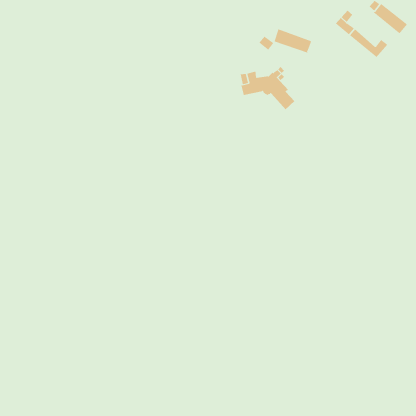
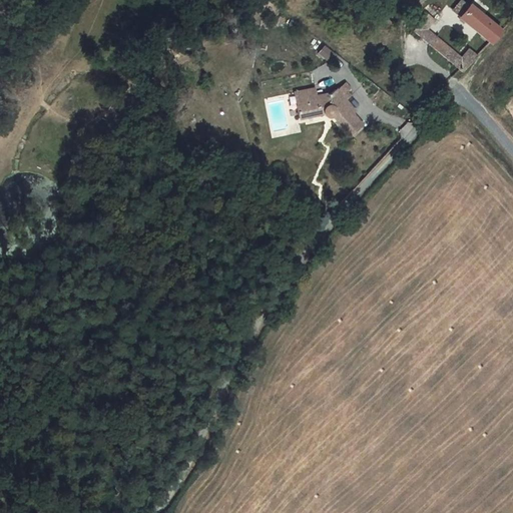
building: [274,28,312,54] -> none

